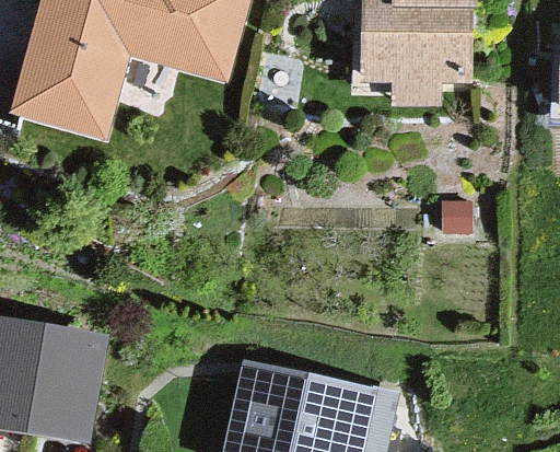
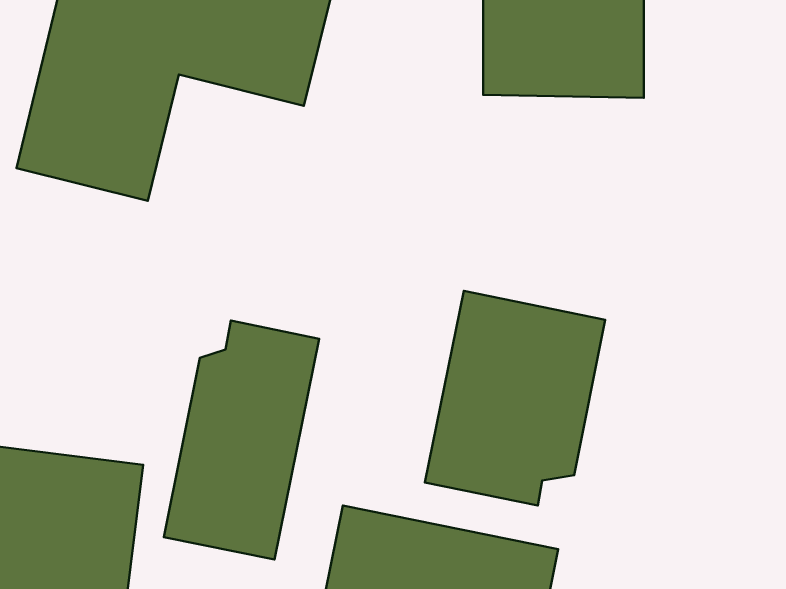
building: none -> [425,291,605,506]
building: none -> [164,321,319,560]

